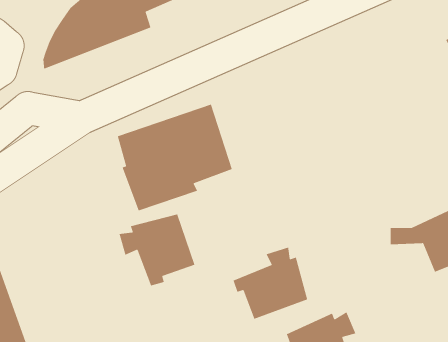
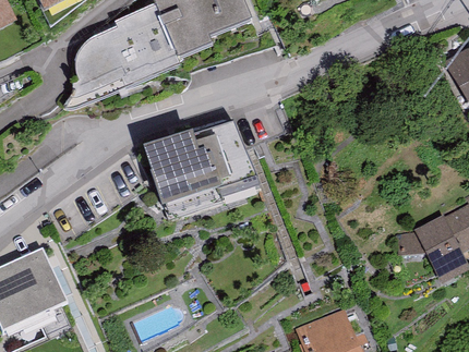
building: [118,214,195,287] -> none
building: [233,246,308,320] -> none

